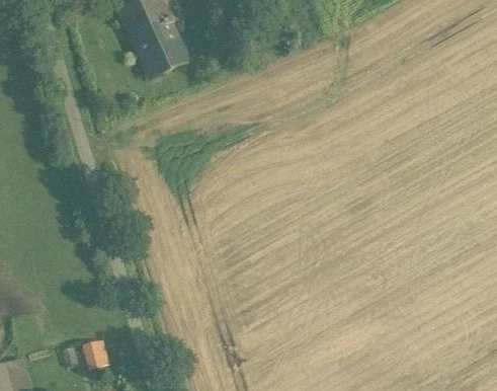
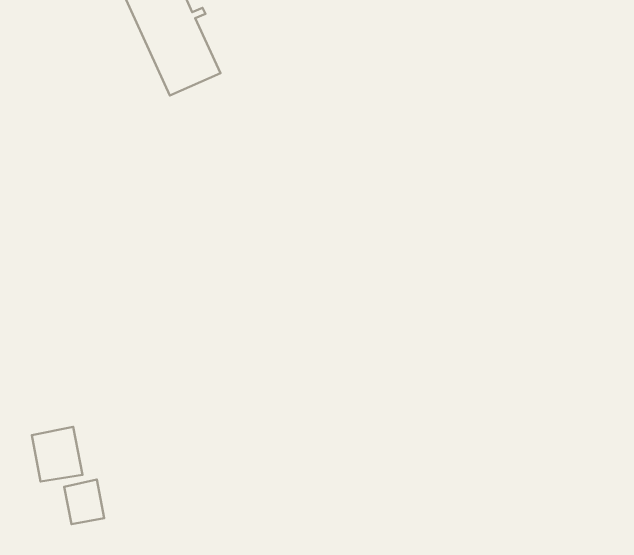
building: none -> [32,427,83,481]

